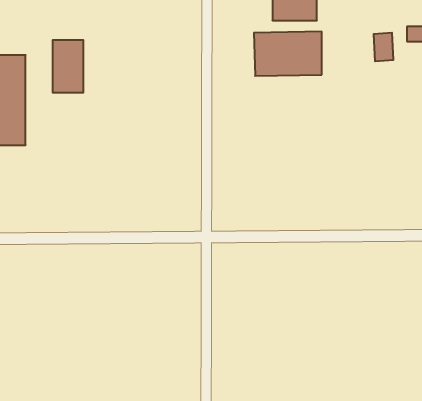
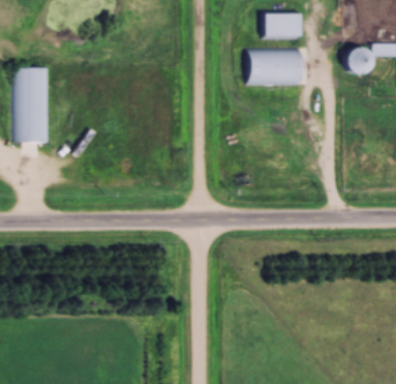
building: [53,40,83,93] -> none

